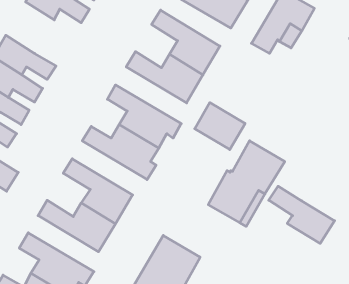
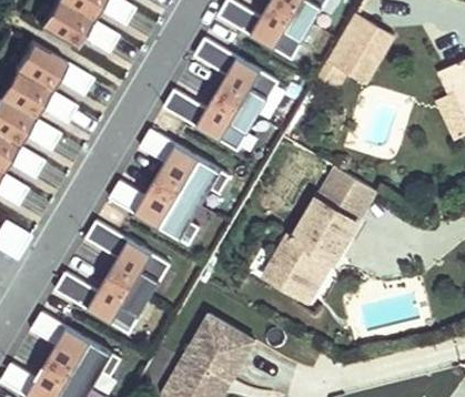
building: none -> [14,39,93,95]
building: [195,103,245,150] -> [315,165,377,223]
building: [269,186,335,243] -> none

